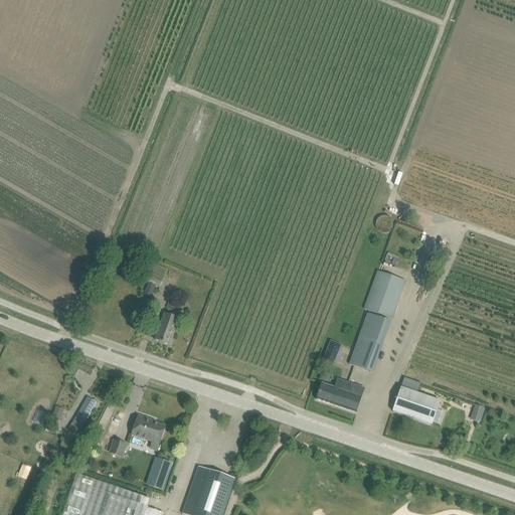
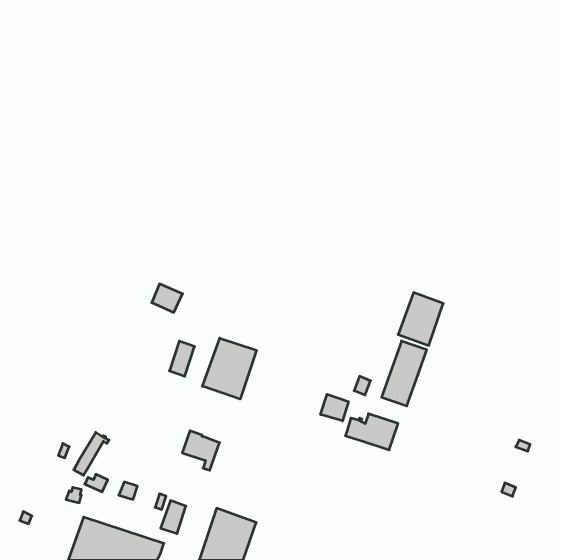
building: none -> [202,338,256,399]
building: none -> [321,394,348,421]
building: [392,386,440,423] -> none
building: [131,414,165,451] -> [182,431,220,470]

